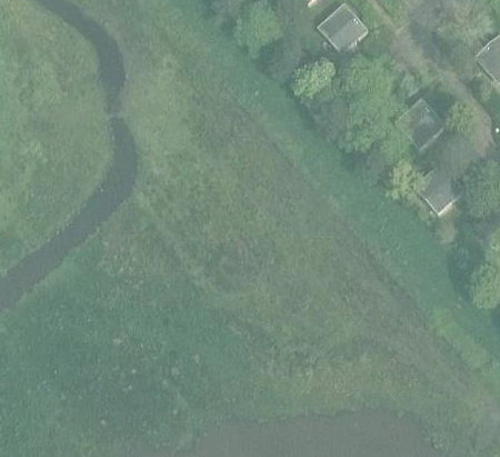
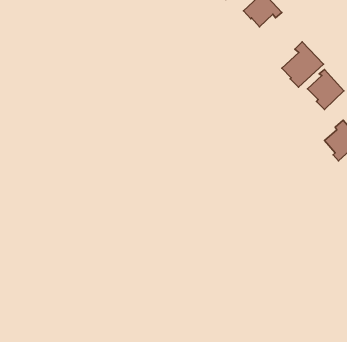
building: none -> [282,42,324,87]

